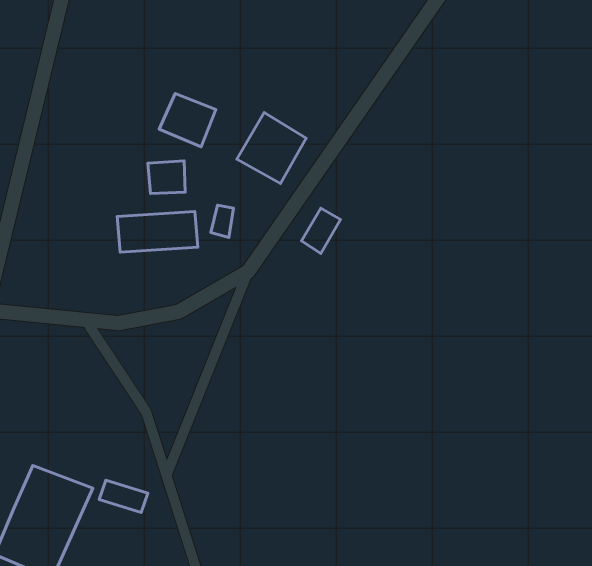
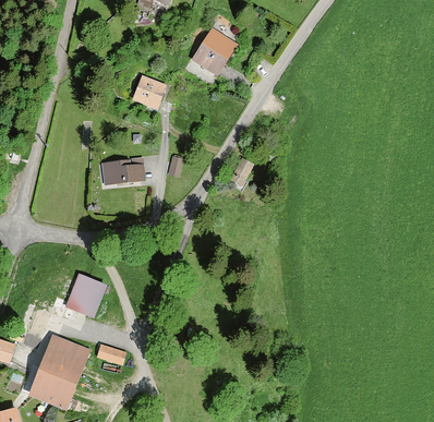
building: [237,112,306,184] -> [196,33,243,81]
building: [148,161,185,194] -> none
building: none -> [61,269,100,314]

